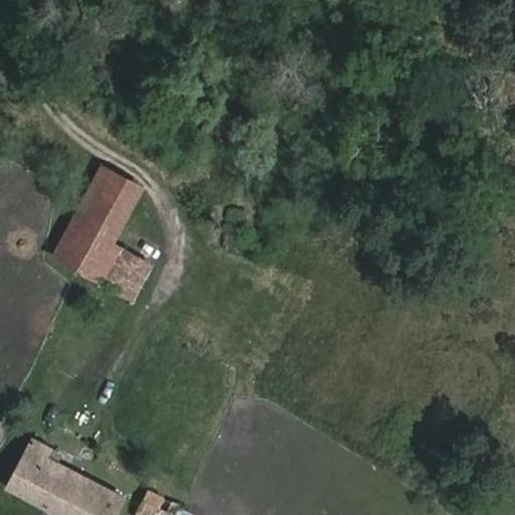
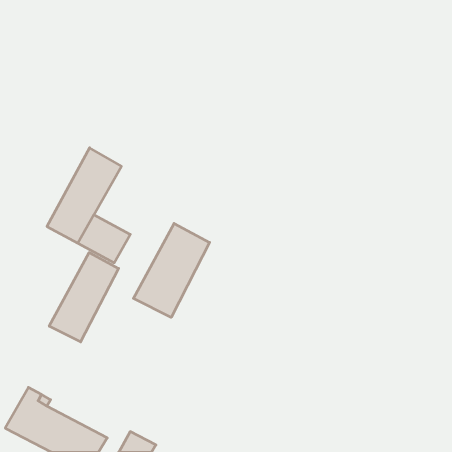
building: none -> [133,223,210,317]
building: none -> [49,253,119,342]

